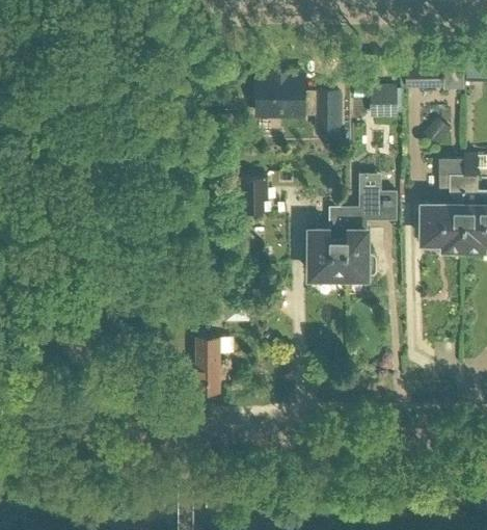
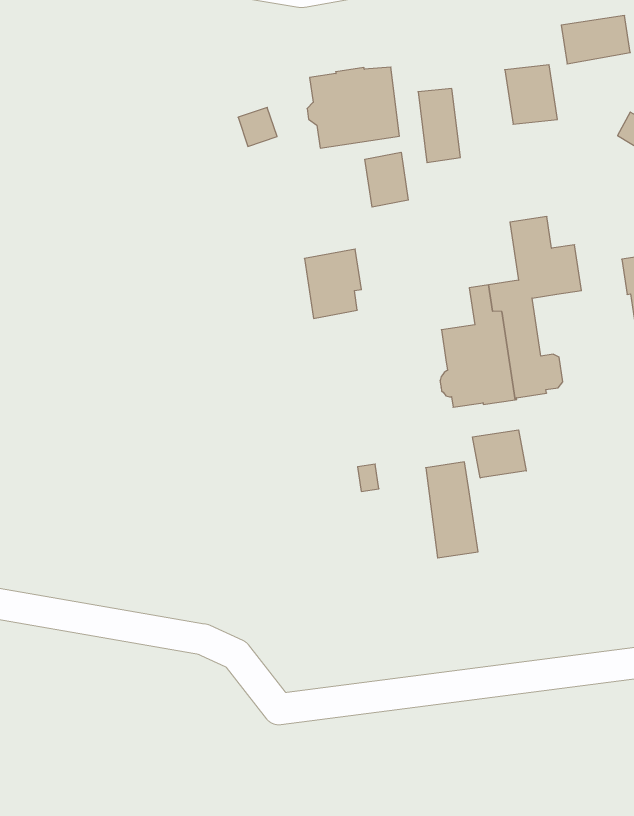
building: none -> [365,152,408,207]
building: none -> [473,430,526,478]
building: [196,339,220,392] -> [426,462,478,558]

